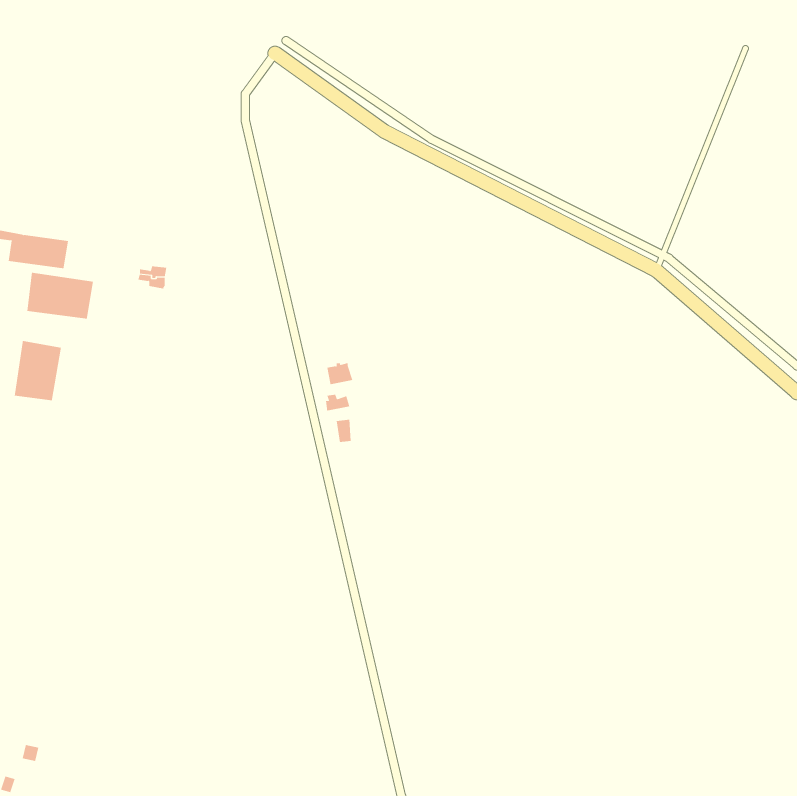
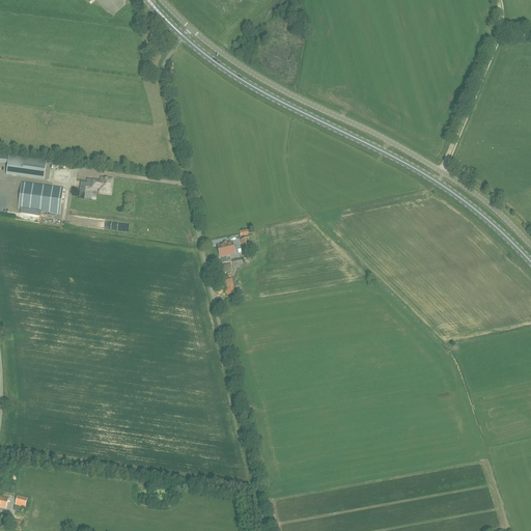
building: [14,340,61,401] -> none

